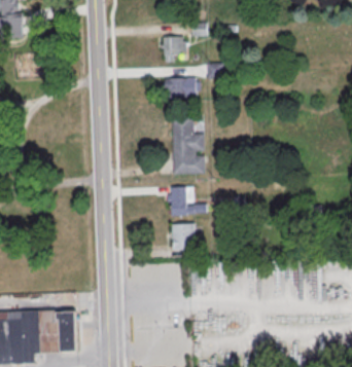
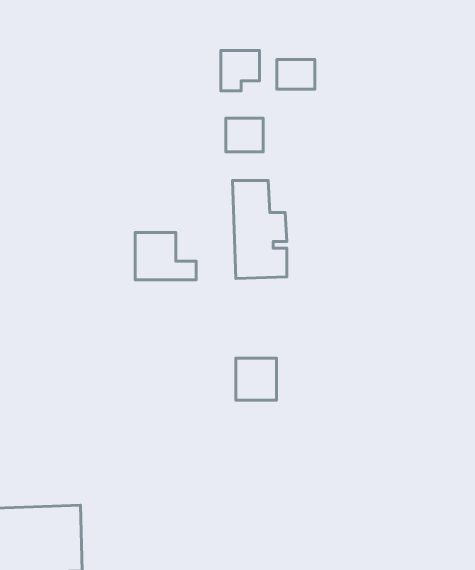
building: none -> [277,59,315,89]
building: [170,185,207,214] -> [135,232,196,280]

